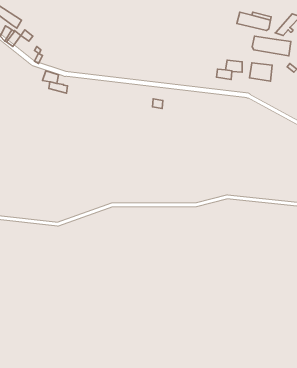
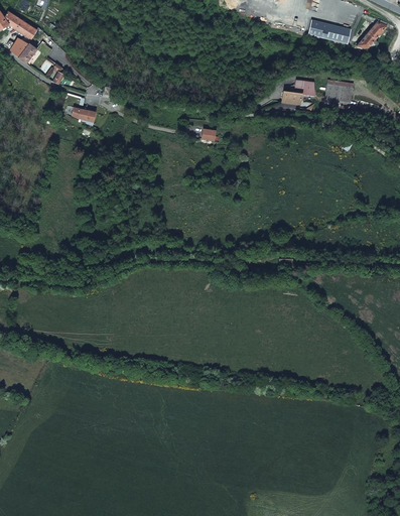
building: [252,36,291,56] -> none

